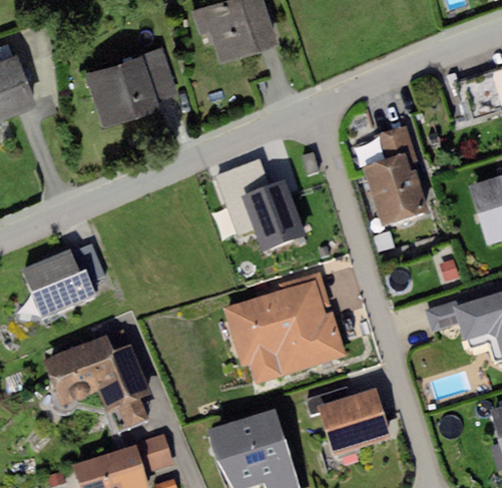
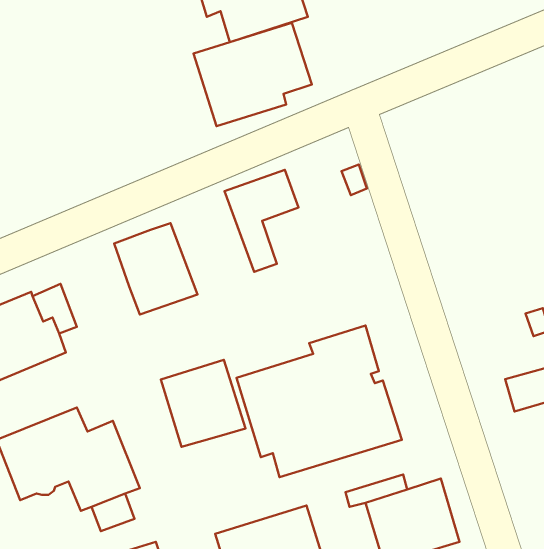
building: [88,49,176,126] -> [194,23,312,126]
building: [361,126,429,225] -> none
building: [242,180,305,249] -> [114,223,198,315]
building: none -> [161,360,245,447]

